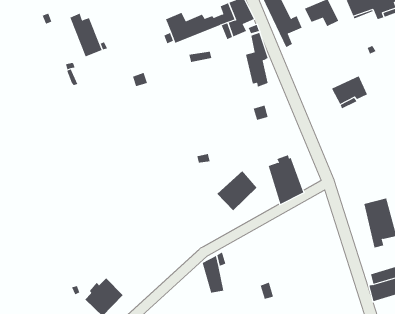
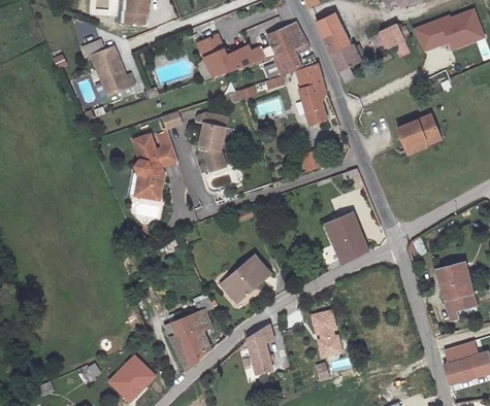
building: none -> [199,114,227,171]
building: none -> [132,134,176,200]
building: [217,170,257,211] -> [222,256,270,304]
building: none -> [170,298,210,373]
building: none -> [312,311,341,357]

